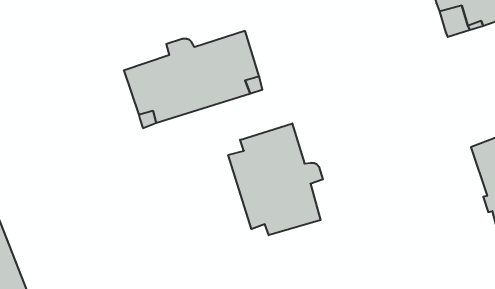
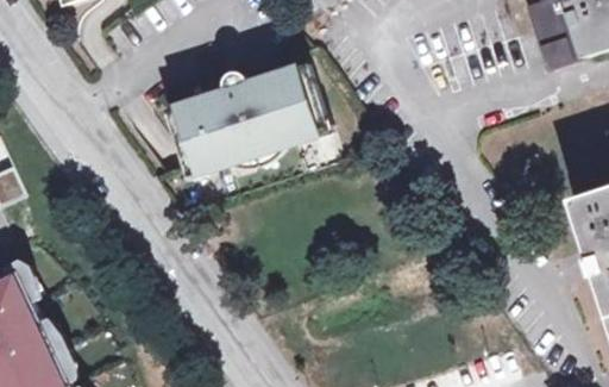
building: [228,123,323,235] -> none

